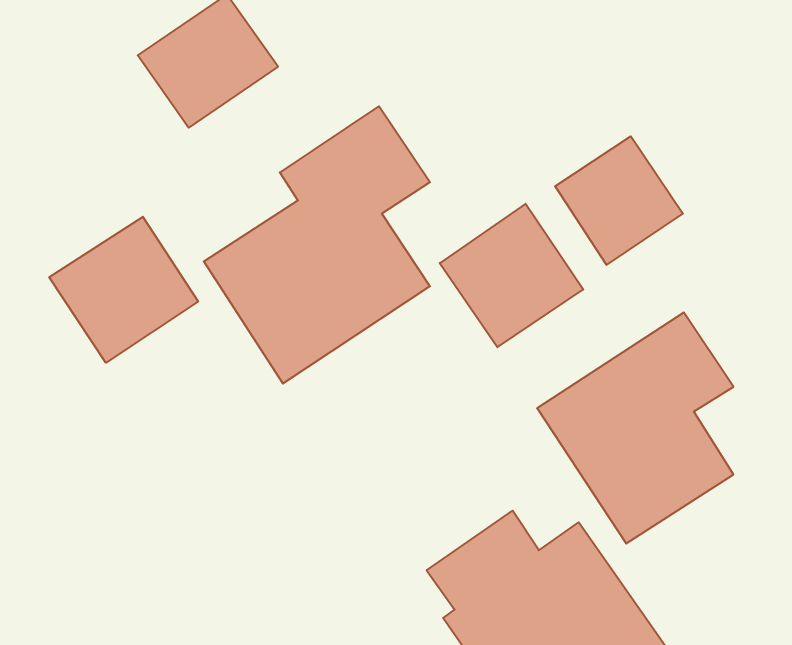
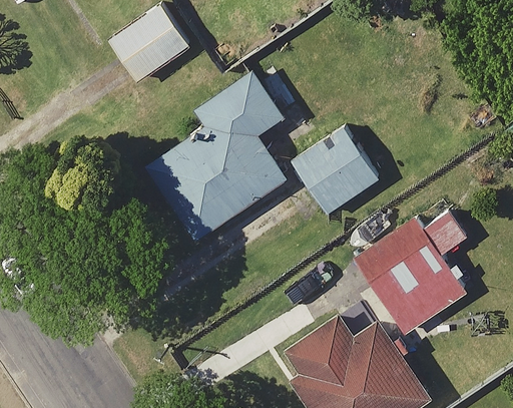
building: [555,136,683,265] -> none
building: [49,217,198,363] -> none

